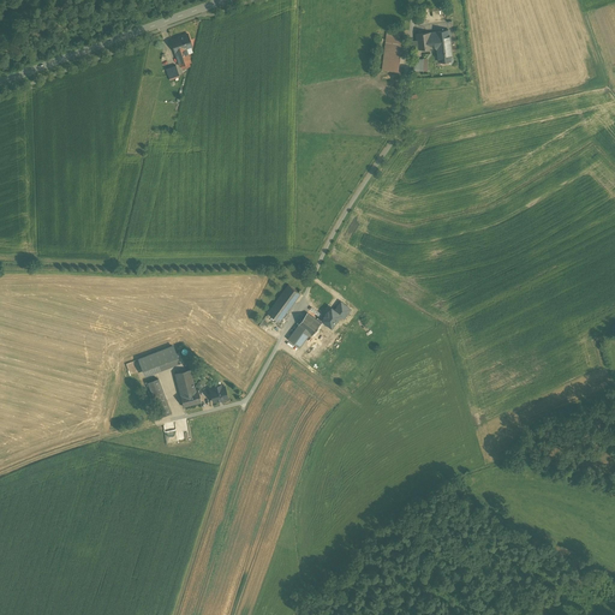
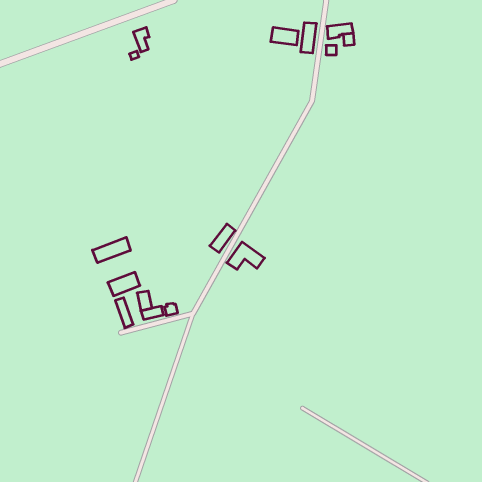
building: none -> [271,27,298,45]
building: none -> [92,237,130,263]

